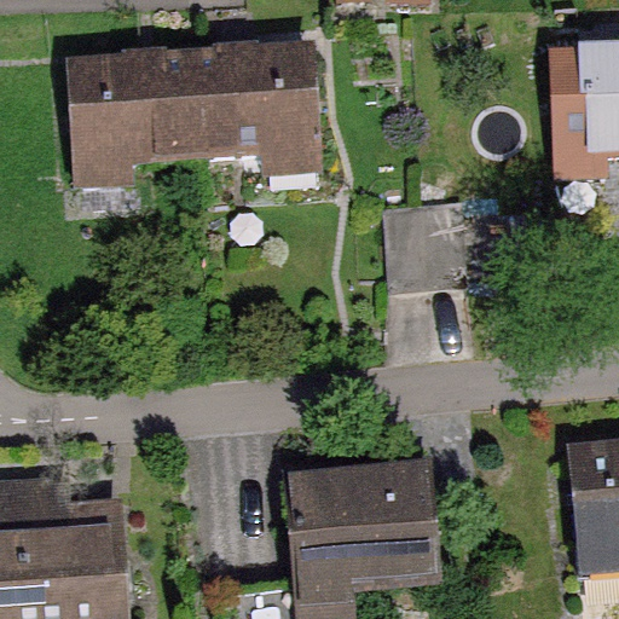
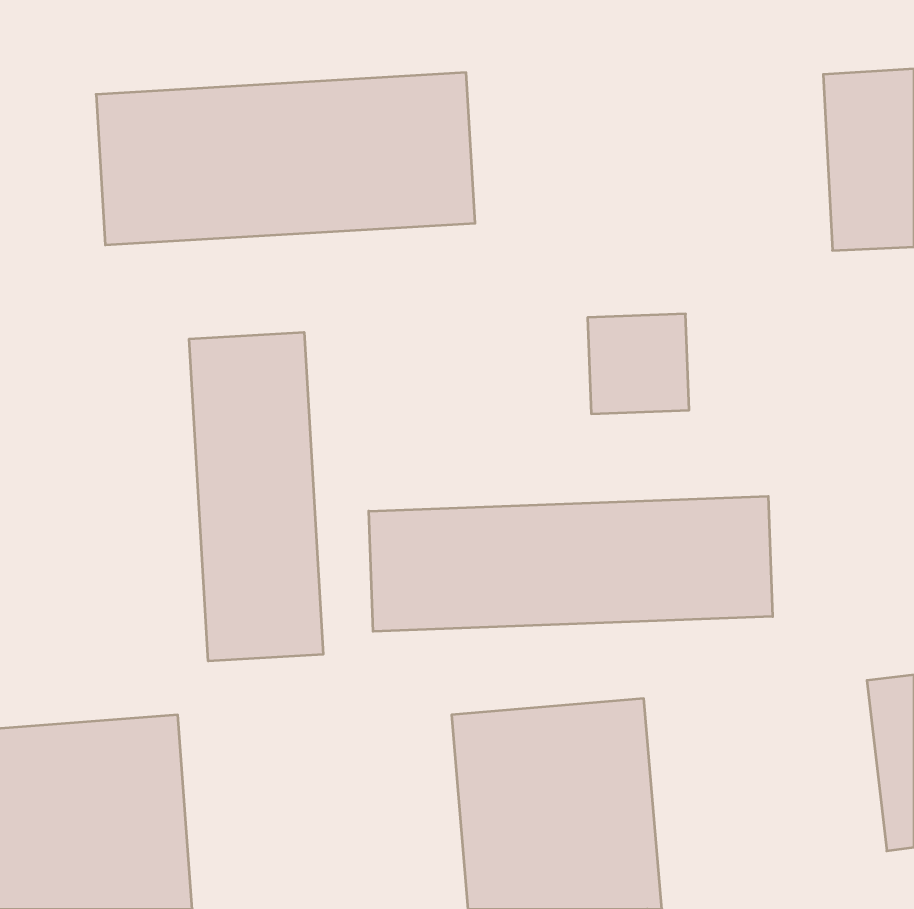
building: none -> [189,332,323,661]
building: none -> [369,496,773,631]

